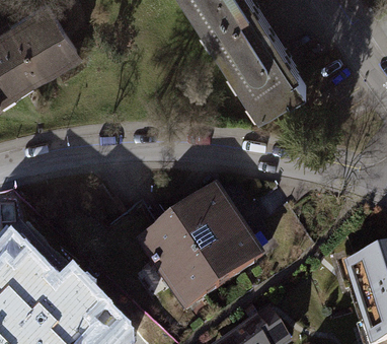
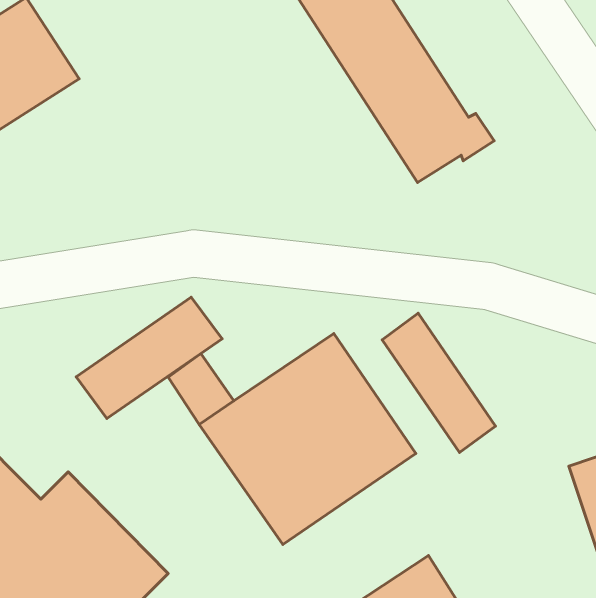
building: none -> [76,297,222,419]
building: none -> [382,313,495,453]

